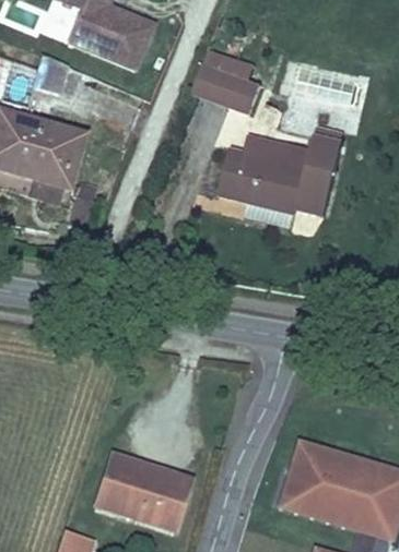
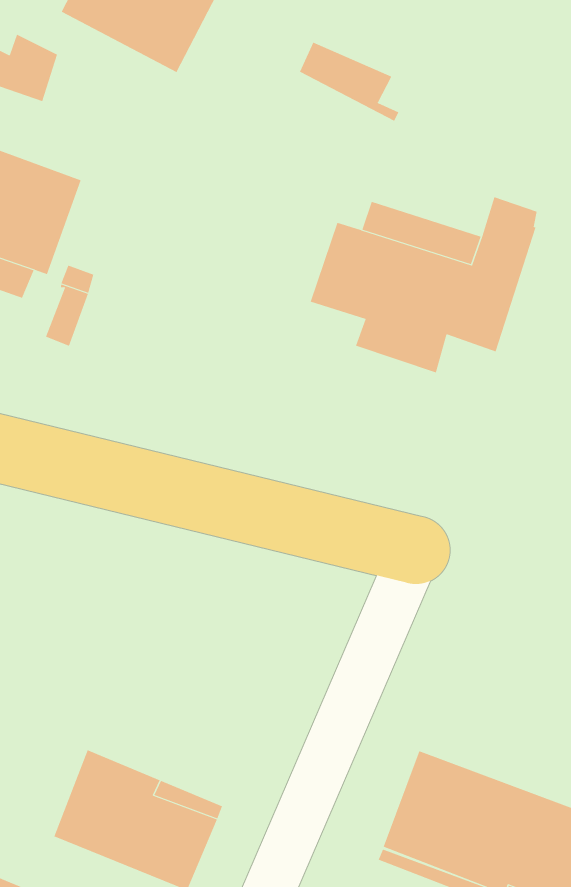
building: [193,64,259,112] -> none

